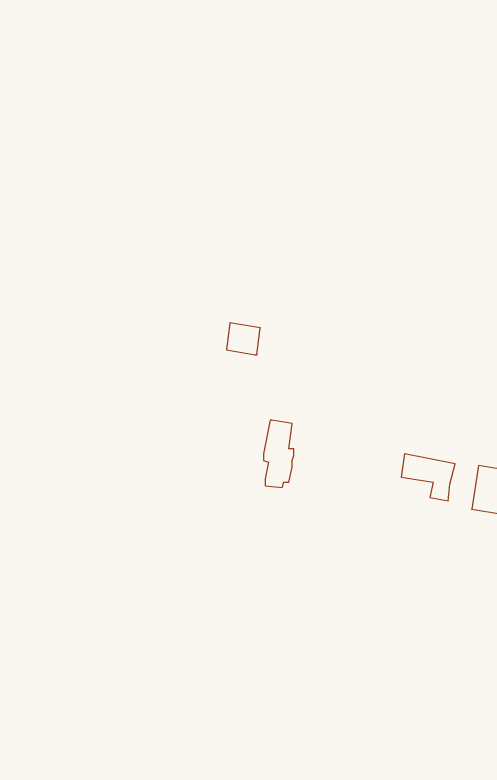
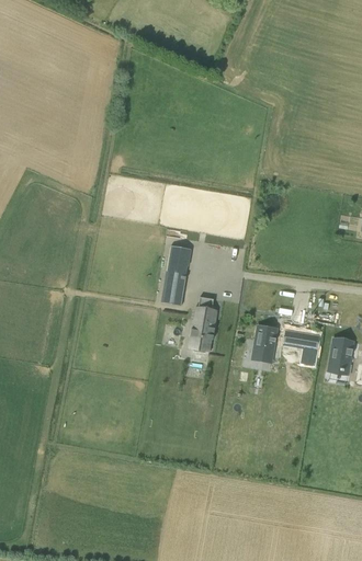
building: none -> [161,270,186,305]
building: none -> [253,325,278,355]

